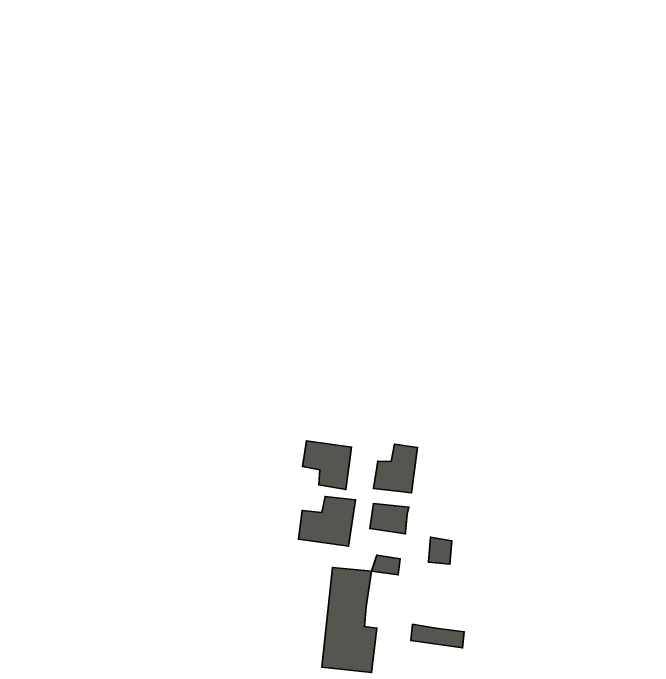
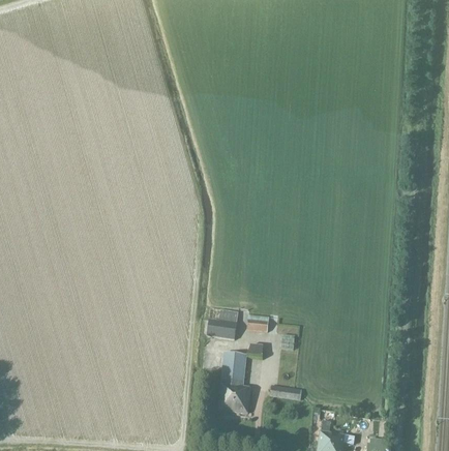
building: [302,441,352,489] -> none
building: [374,444,417,493] -> none

